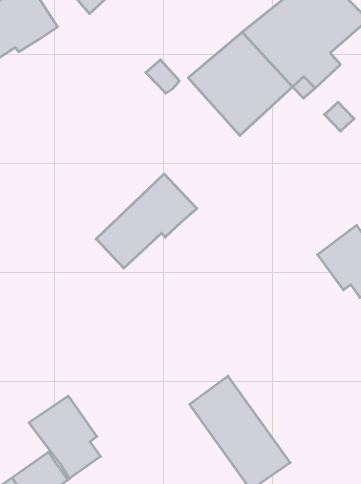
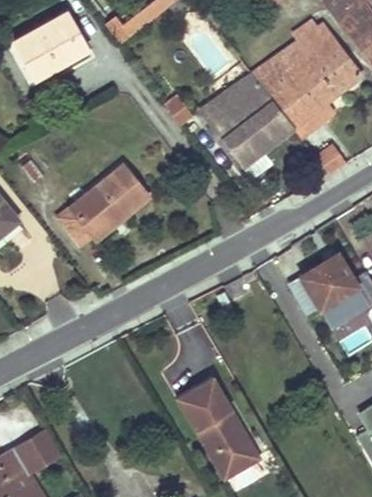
building: [96,174,197,268] -> [57,164,148,244]
building: [29,396,101,479] -> none

